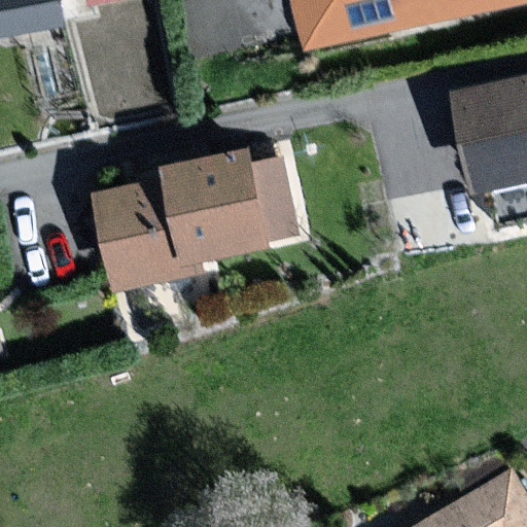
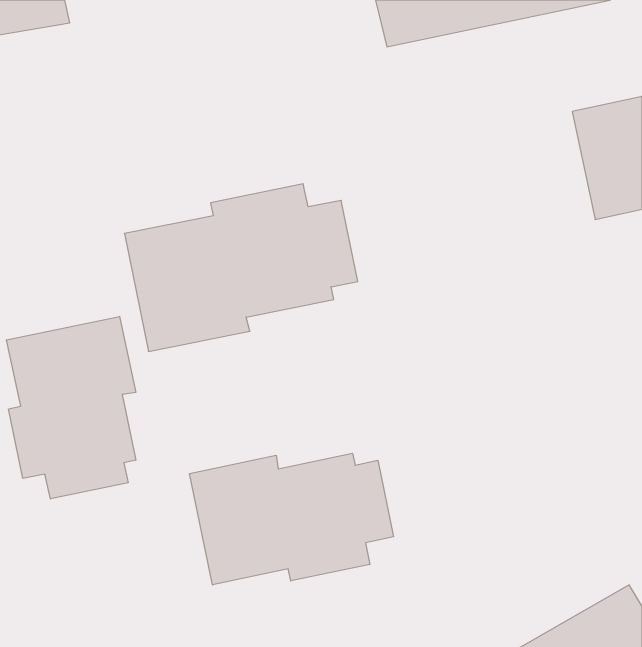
building: none -> [7,316,136,499]
building: none -> [190,453,394,585]

